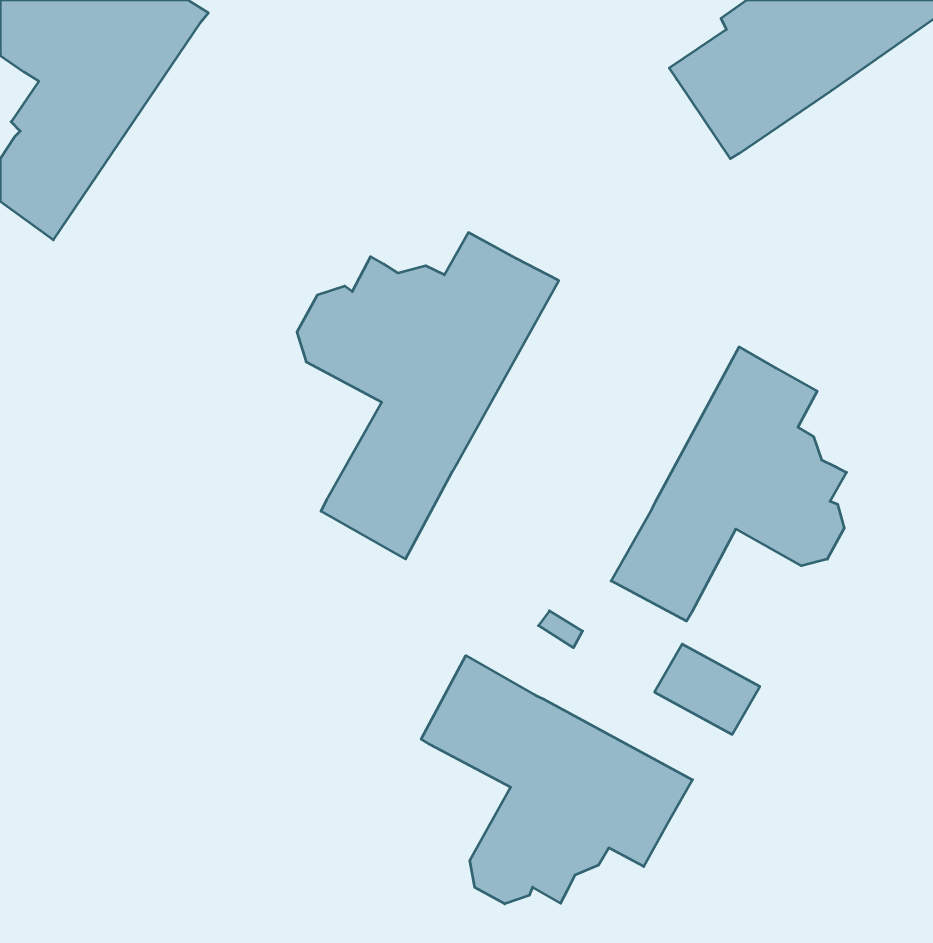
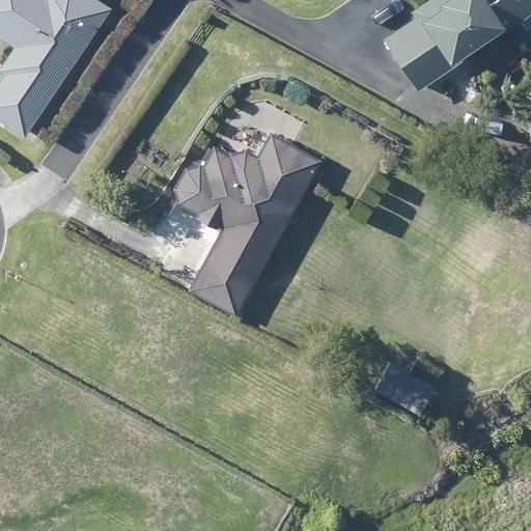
building: [611,347,847,621] -> none
building: [421,656,693,904] -> none

